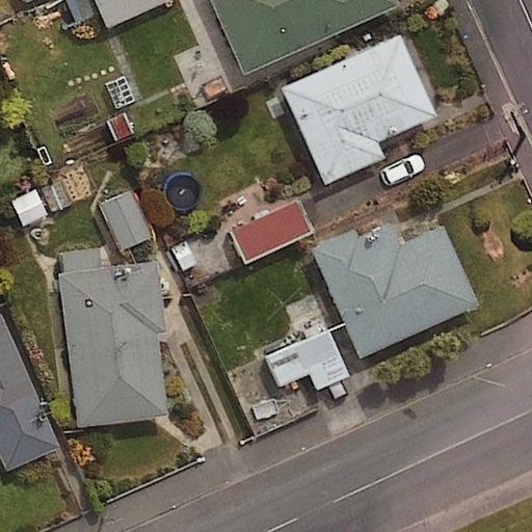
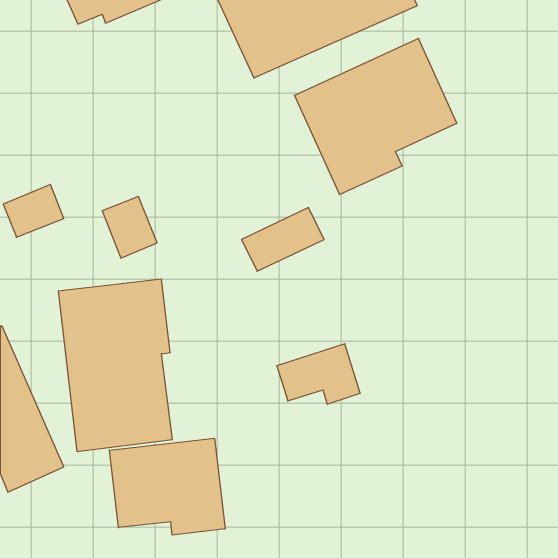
building: [310,224,476,358] -> none
building: none -> [109,438,225,535]

